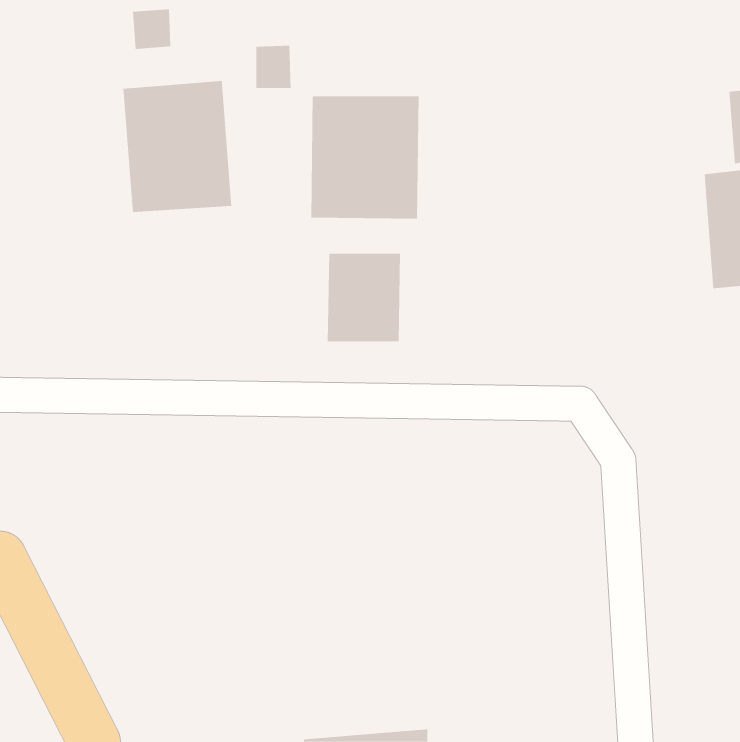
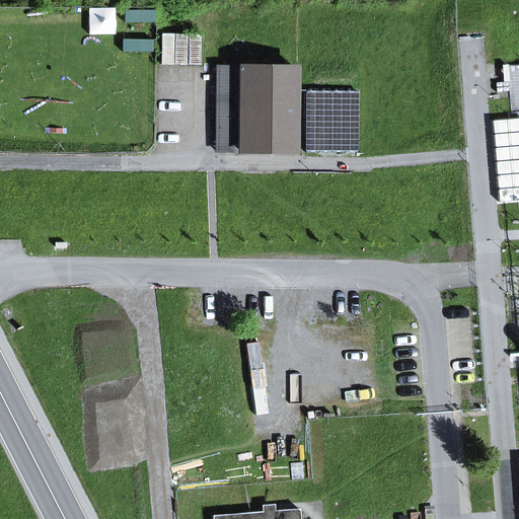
building: [123,80,232,213] -> none
building: [327,253,401,342] -> [306,91,358,153]

